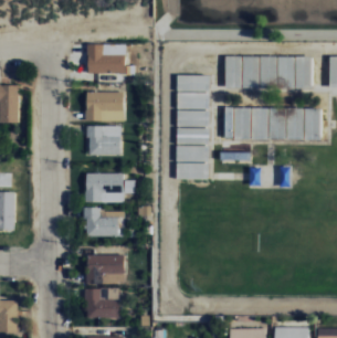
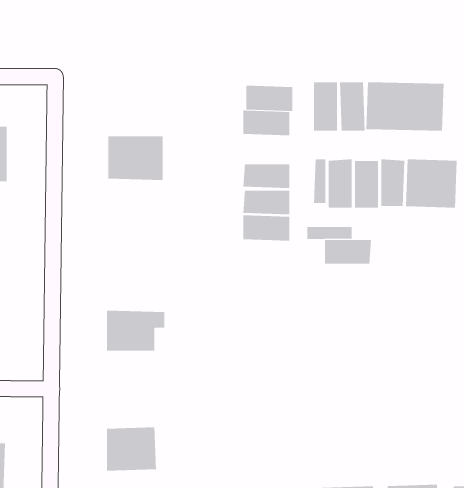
building: [87,44,125,73] -> none
building: [177,92,209,109] -> [245,85,293,111]
building: [87,125,120,155] -> none
building: [177,163,209,180] -> [324,239,372,264]
building: [85,172,135,202] -> none
building: [86,254,125,284] -> none

